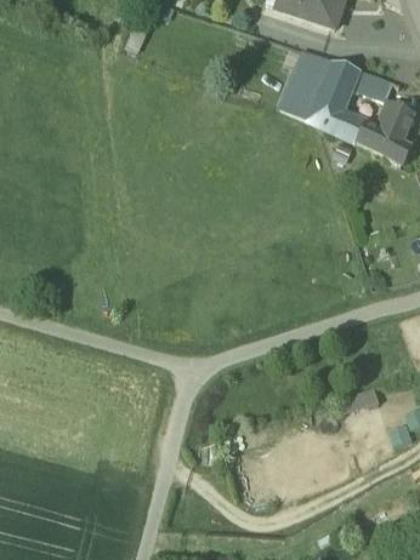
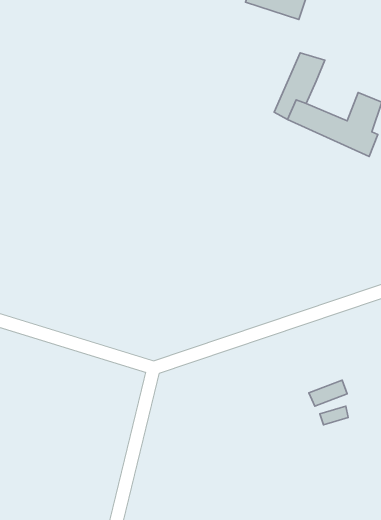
building: [279,48,334,120] -> none
building: [350,69,393,101] -> none

